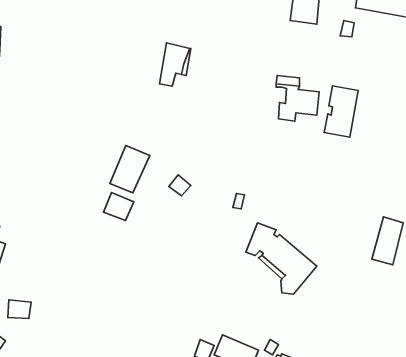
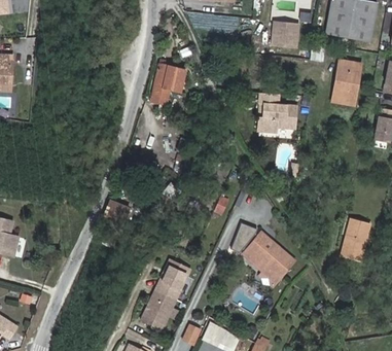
building: [324,86,358,137] -> [332,60,362,105]
building: [110,145,150,193] -> none
building: none -> [140,259,190,331]

